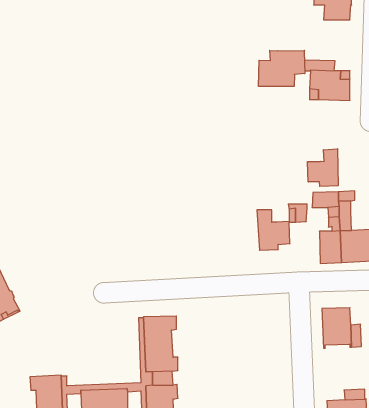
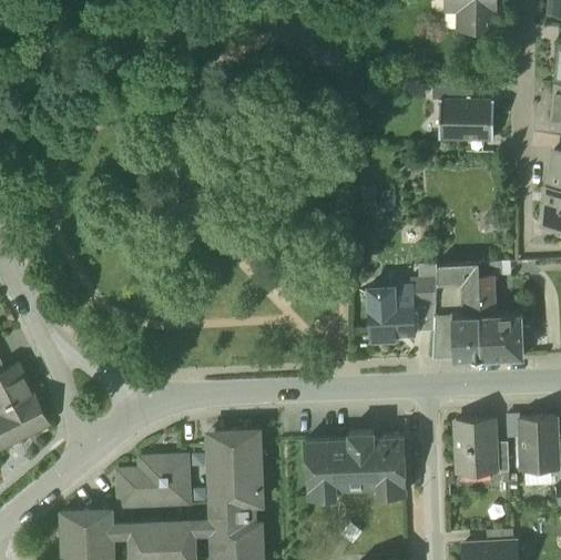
building: [259,50,305,86] -> none
building: [308,149,338,186] -> none
building: none -> [432,316,453,360]
building: none -> [306,431,406,498]
building: none -> [119,457,188,506]

